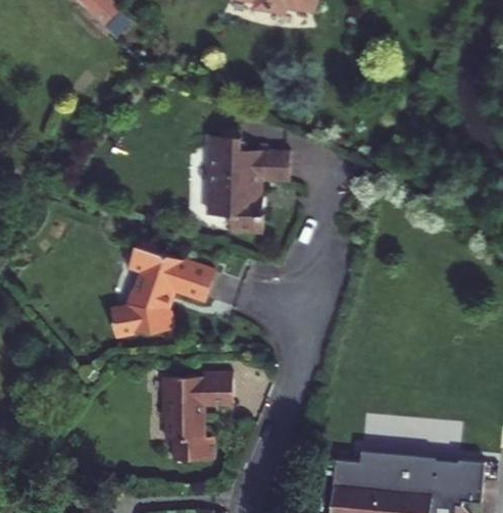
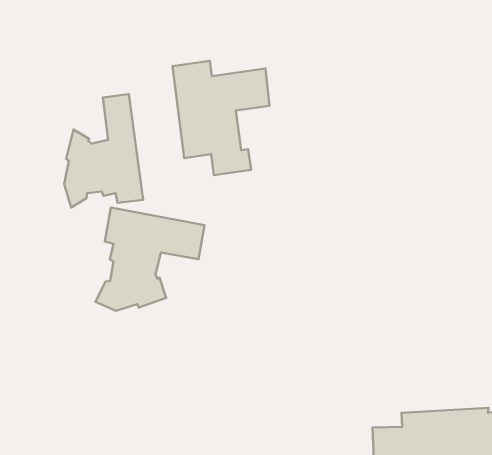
building: none -> [64,94,143,208]
building: [161,370,233,460] -> none

